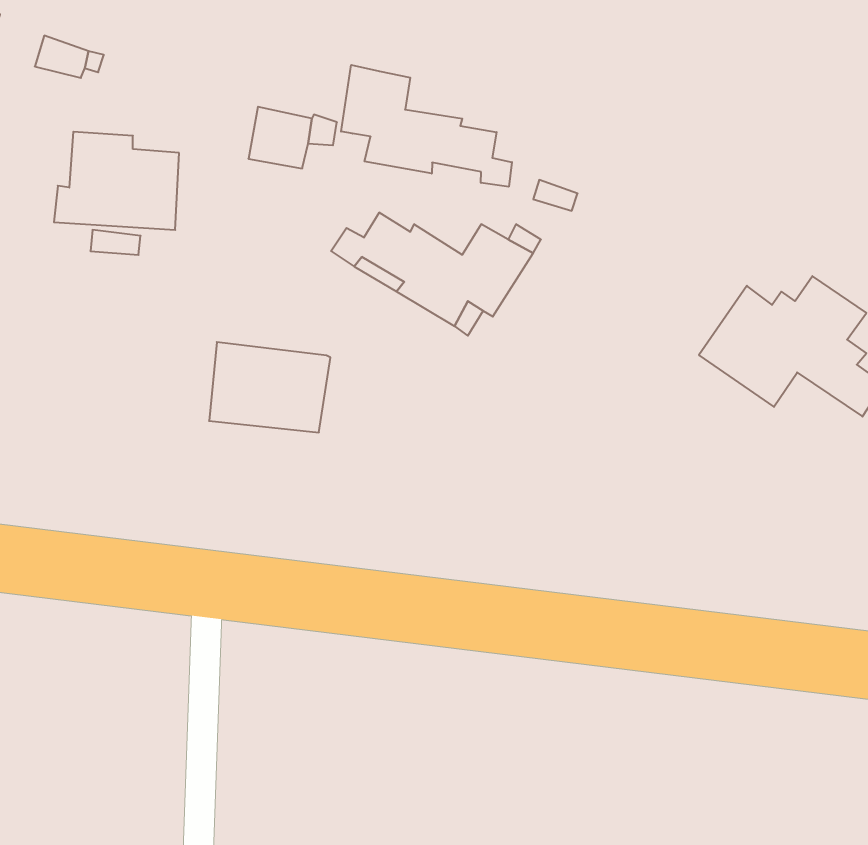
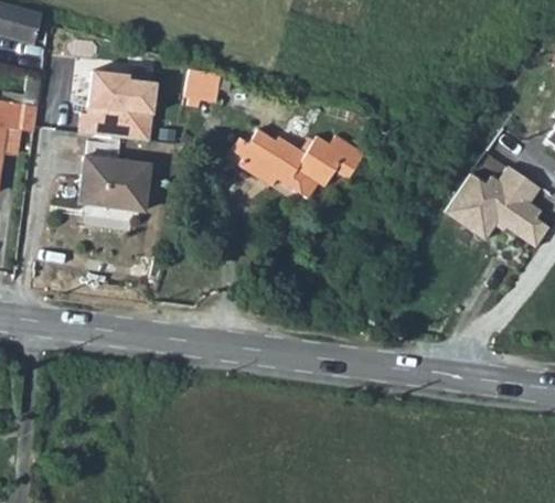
building: [341,65,512,187] -> none
building: [209,342,330,432] -> [81,158,150,210]

